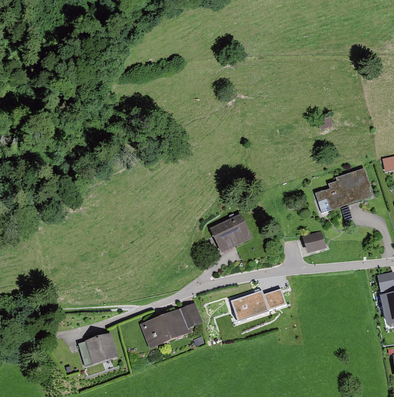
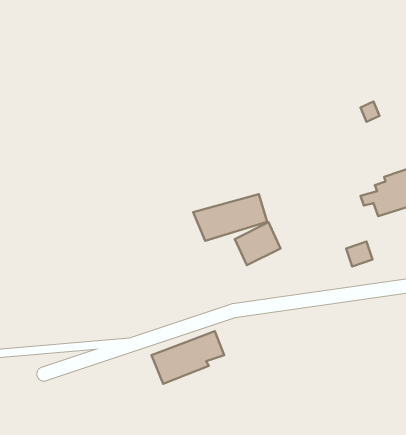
building: [224,281,286,320] -> [193,194,267,241]
building: [87,334,116,363] -> none

